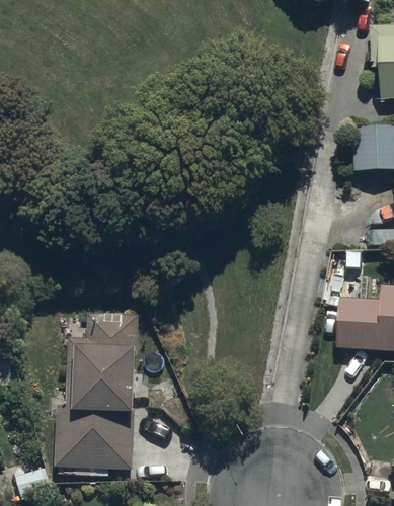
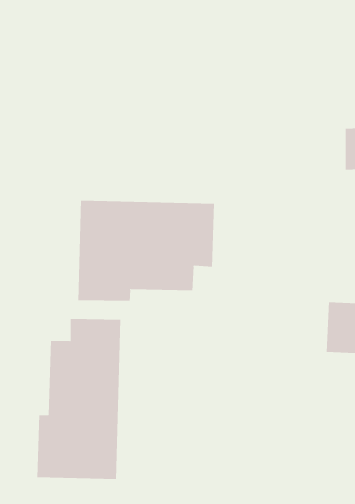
building: none -> [78,200,214,302]

